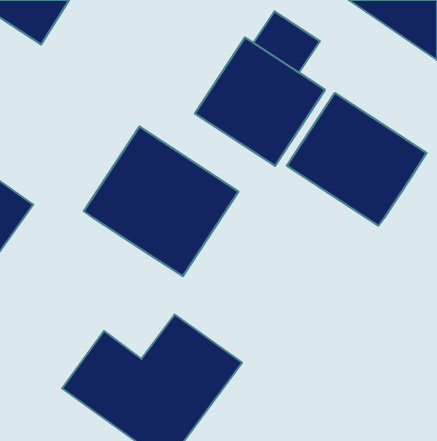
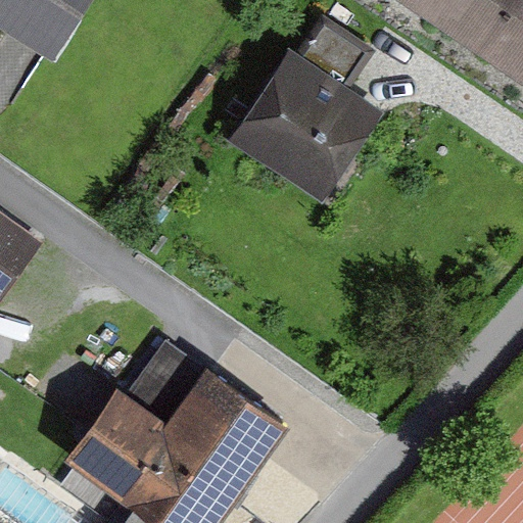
building: [287,93,427,226] -> none
building: [84,126,238,276] -> none

